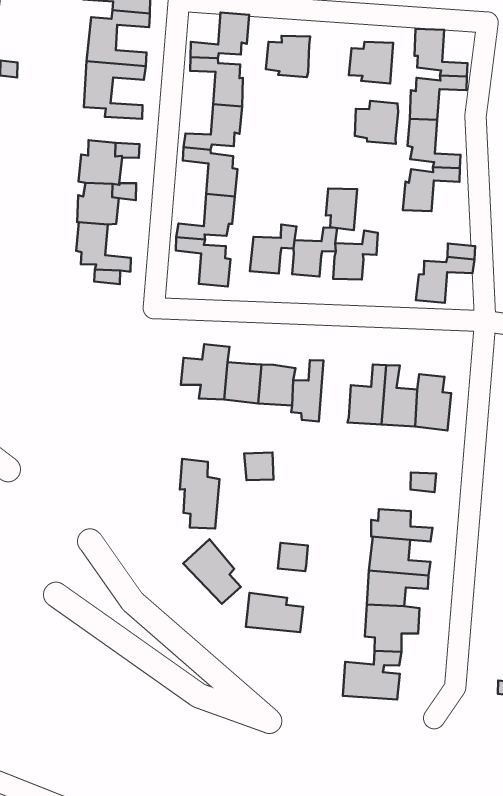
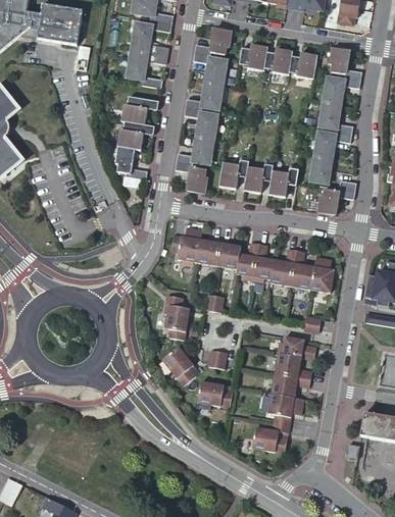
building: [355,101,398,144] -> [264,47,292,74]
building: [326,188,357,230] -> [311,156,332,183]
building: none -> [252,243,274,281]

